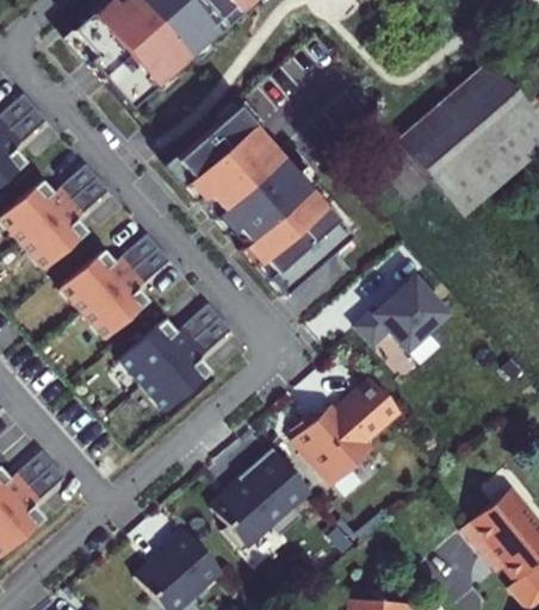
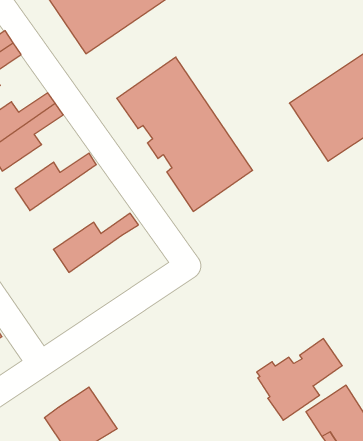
building: [82,248,171,340] -> none
building: [354,279,445,350] -> none
building: [141,317,233,413] -> none
building: [291,378,397,486] -> [257,339,342,420]
building: [212,448,310,552] -> none

